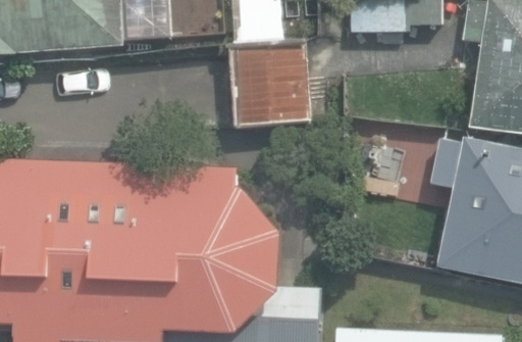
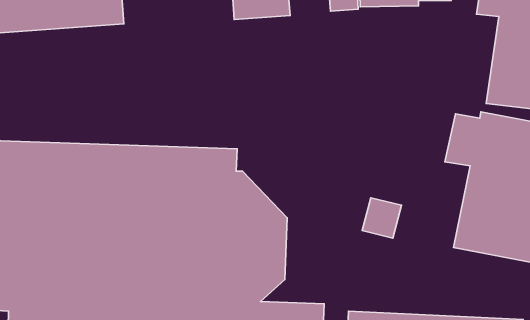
building: [230,42,311,128] -> none

